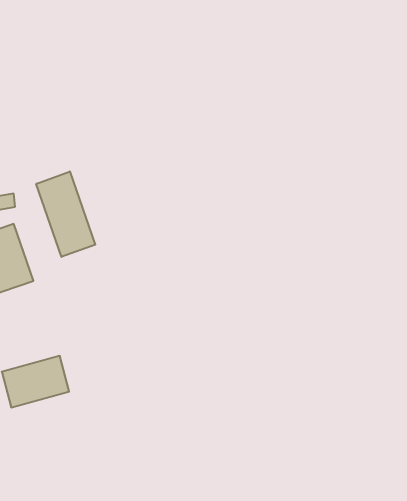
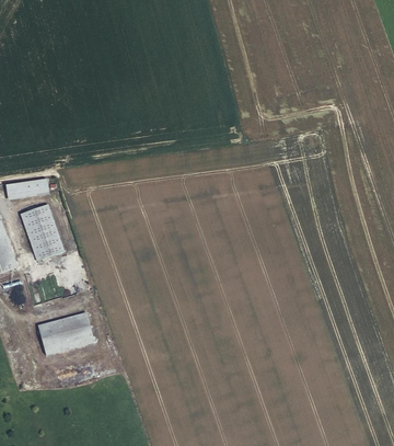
building: [36,171,95,257] -> none

